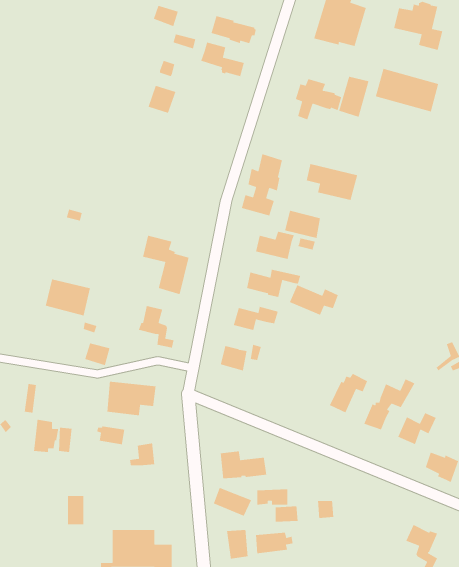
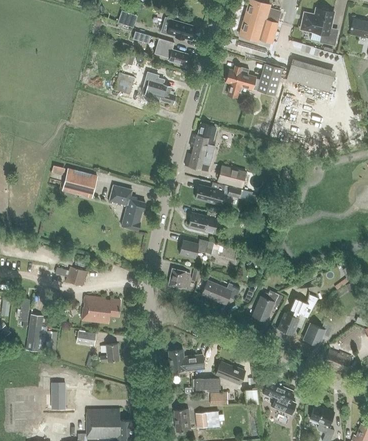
building: none -> [141,72,175,104]
building: [306,163,358,201] -> none
building: [45,278,91,317] -> [62,169,97,198]
building: [289,284,339,316] -> [201,280,239,304]
building: [138,305,174,348] -> none
building: [213,487,252,517] -> [215,361,245,384]
building: none -> [262,381,295,415]

